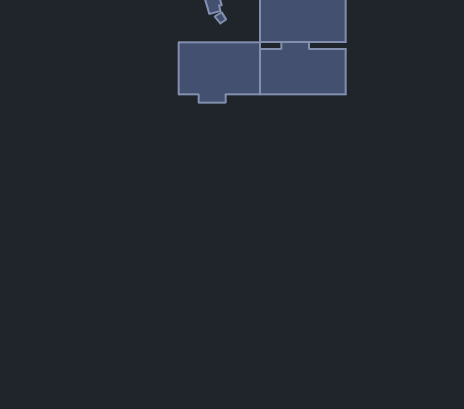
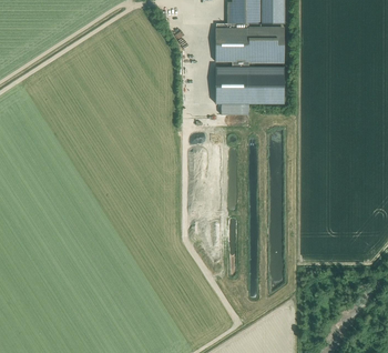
building: [179,42,260,103] -> none

